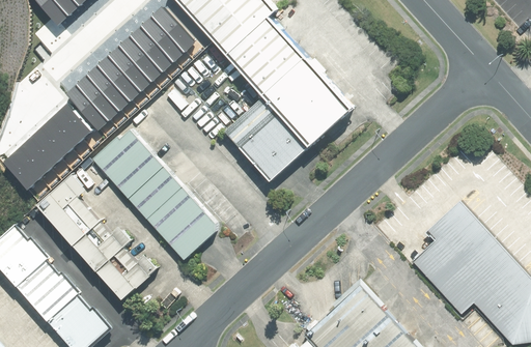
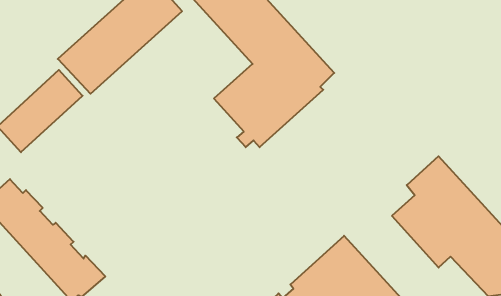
building: [90,124,215,257] -> none
building: [35,171,155,294] -> none

